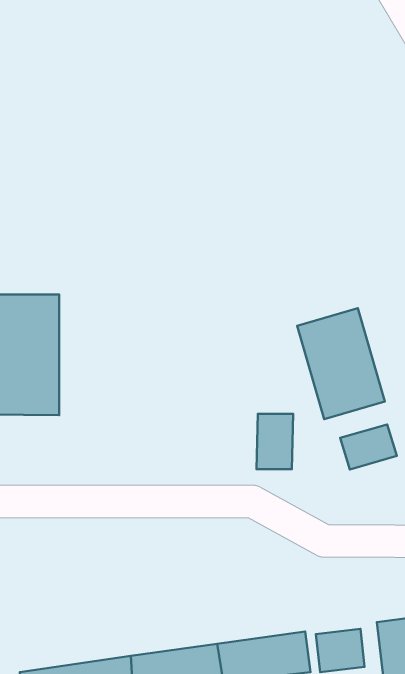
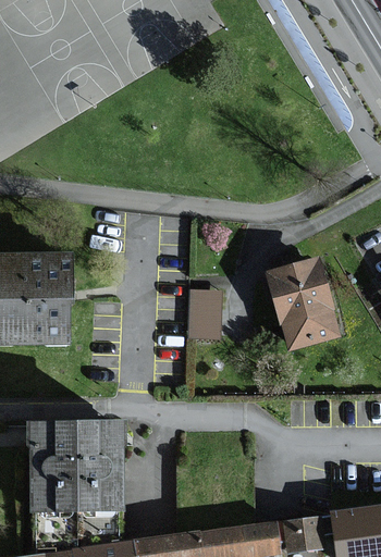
building: [257,414,293,469] -> [188,294,218,338]
building: [340,424,397,469] -> none
building: none -> [37,418,125,505]

